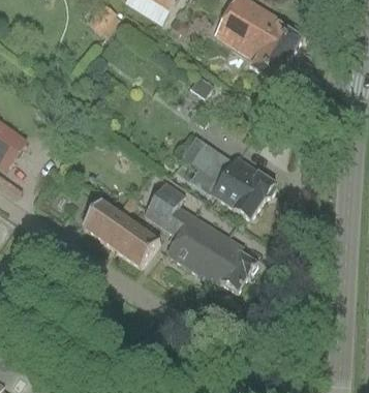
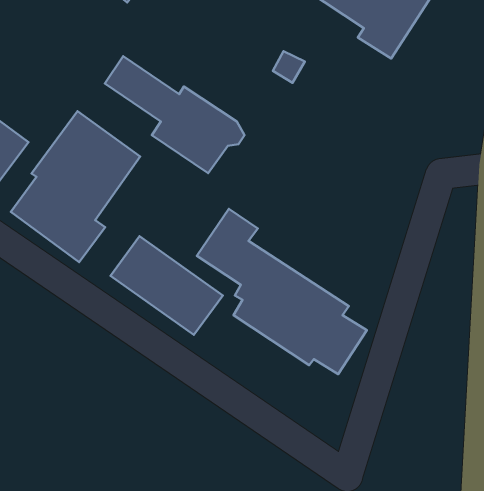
building: none -> [11,111,140,262]
building: [178,135,273,215] -> [105,56,244,173]

